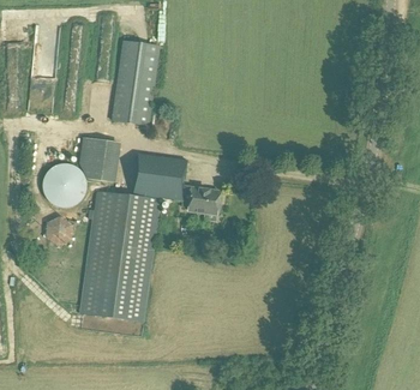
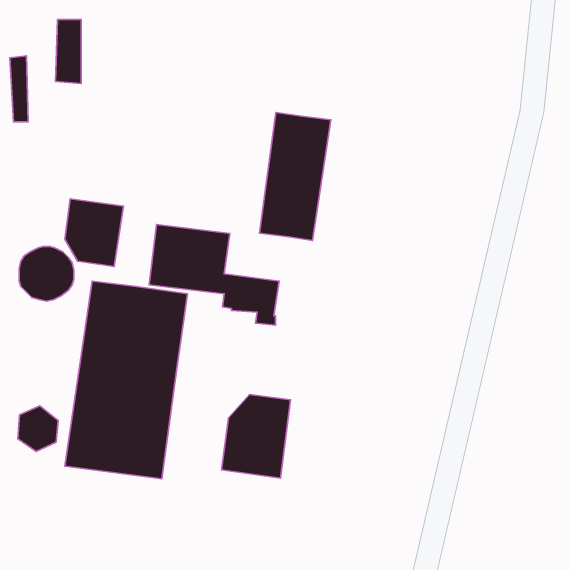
building: [112,41,158,125] -> [259,112,331,241]
building: [44,215,71,245] -> [18,406,58,451]
building: none -> [221,395,290,478]

